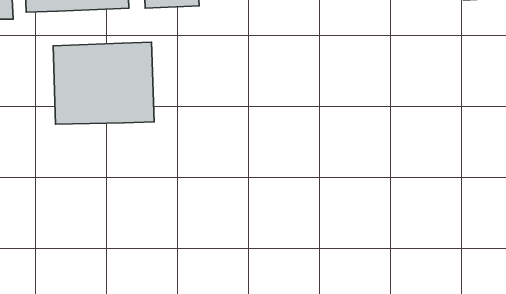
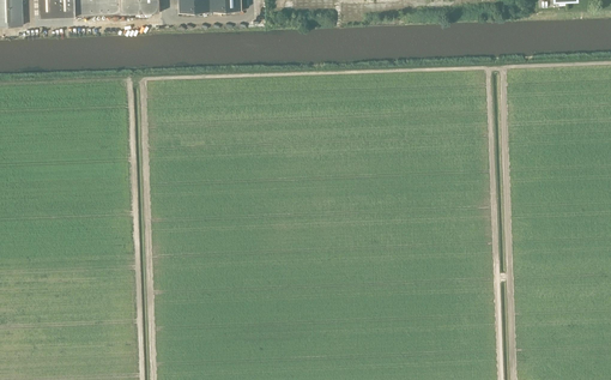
building: [53,42,154,124] -> none

